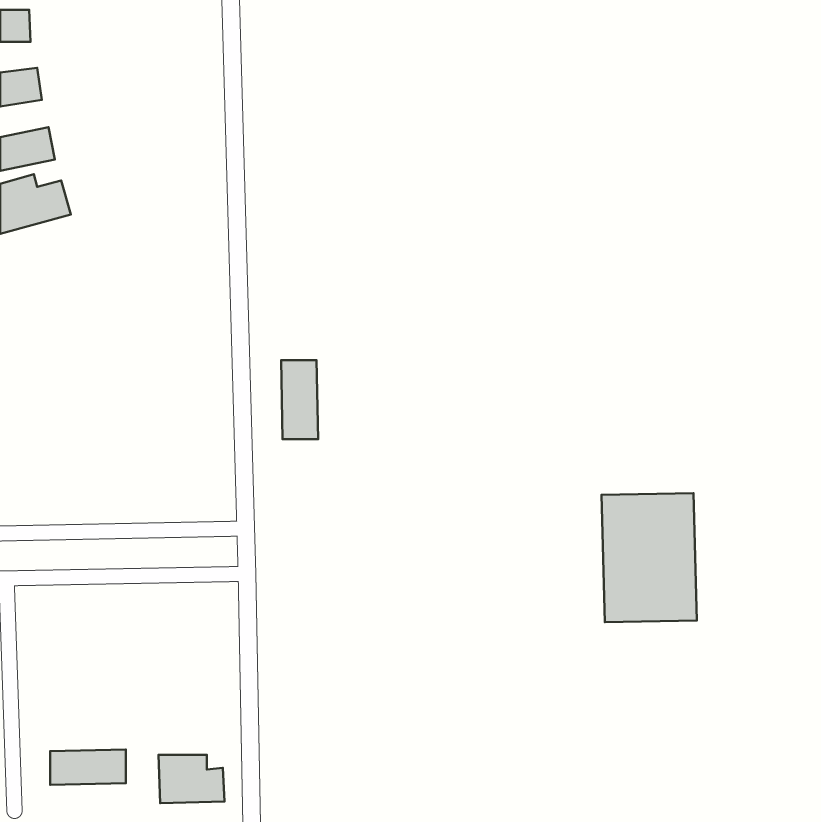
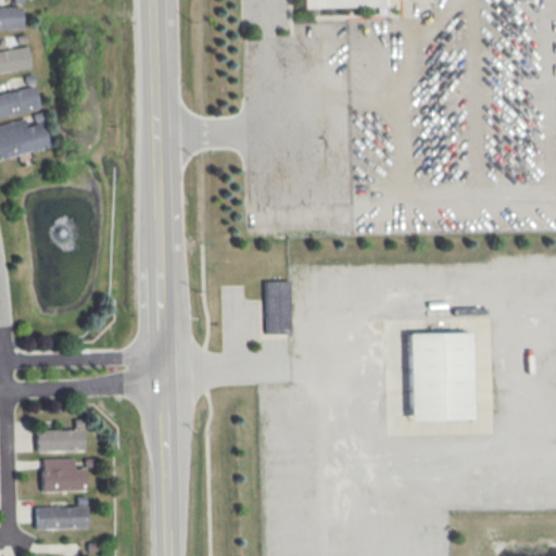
building: [281,360,318,439] -> [265,281,290,334]
building: none -> [36,429,84,453]
building: [158,755,225,803] -> [41,459,86,492]

